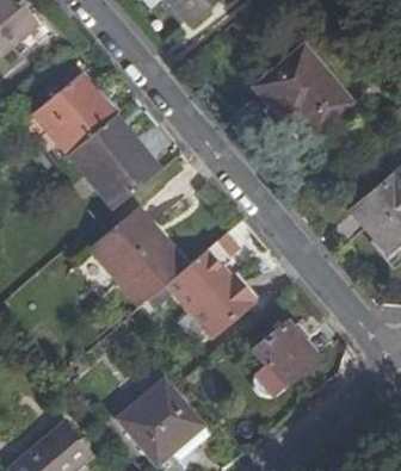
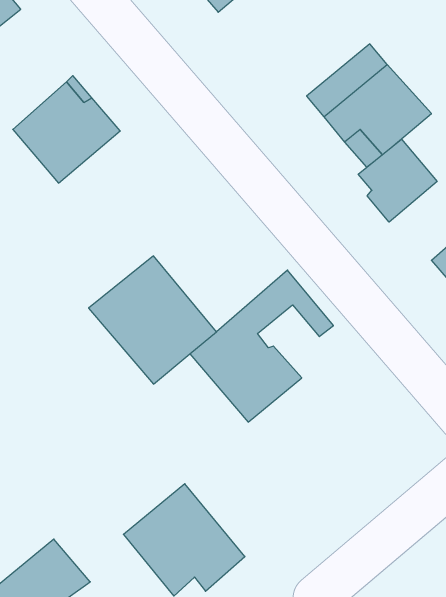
building: [68,113,161,207] -> none
building: none -> [358,139,437,222]
building: [251,322,316,398] -> none

